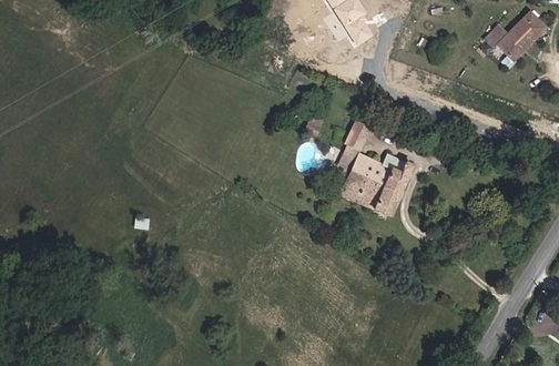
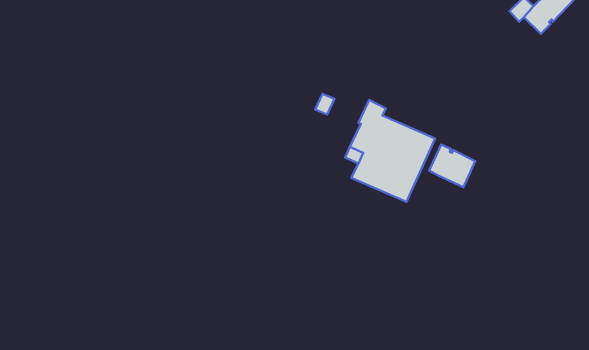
building: none -> [429,144,475,187]

